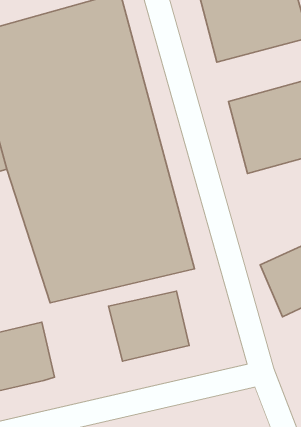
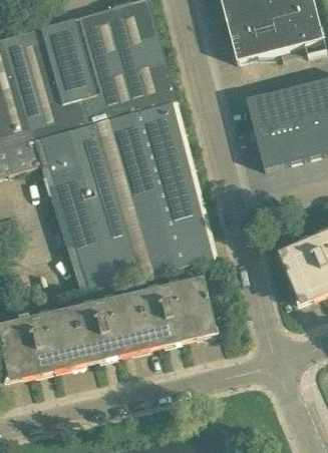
building: none -> [72,294,148,361]

